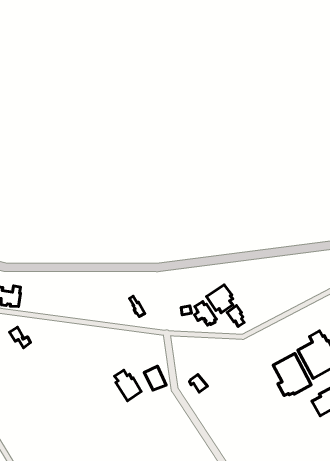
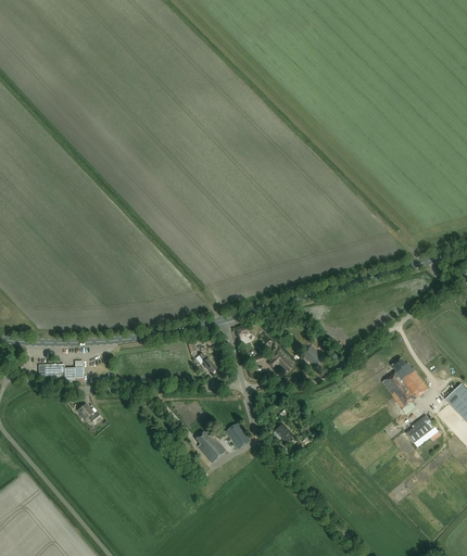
building: [206,285,233,313] -> none
building: [273,353,311,396] -> none

